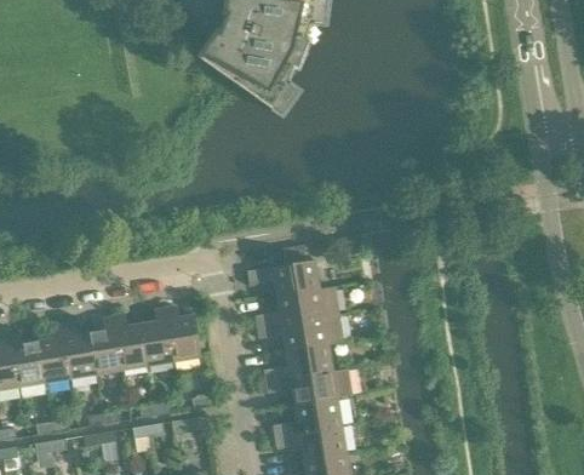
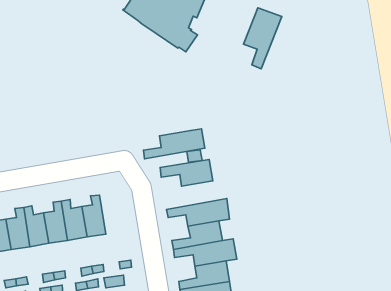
building: none -> [244,8,282,69]
building: [256,287,339,328] -> [143,129,205,159]
building: [166,307,201,362] -> none

